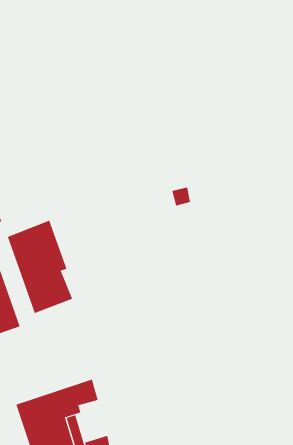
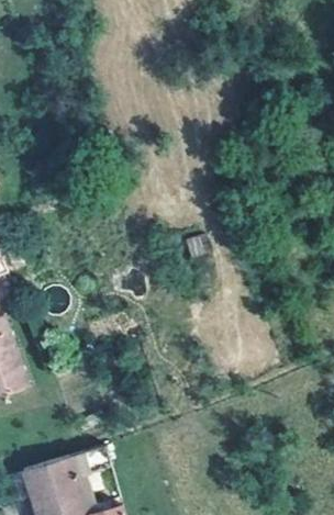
building: [7,220,73,314] -> none

